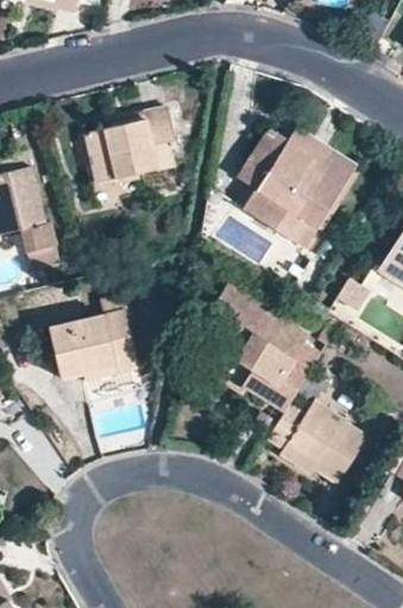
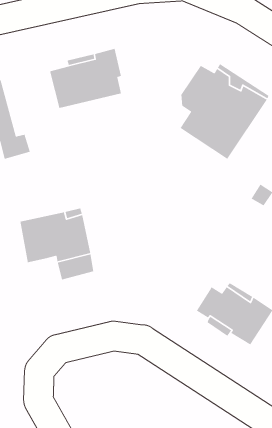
building: [213,286,311,412] -> none

